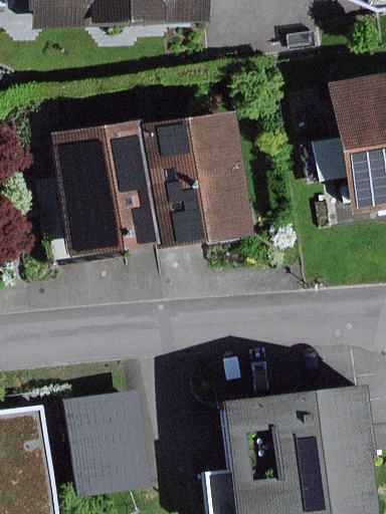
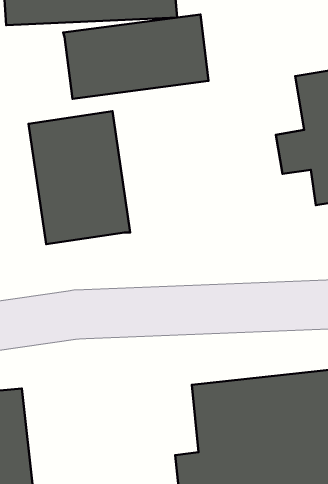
building: none -> [63,14,209,99]
building: [139,112,252,249] -> none
building: [66,390,154,496] -> none

